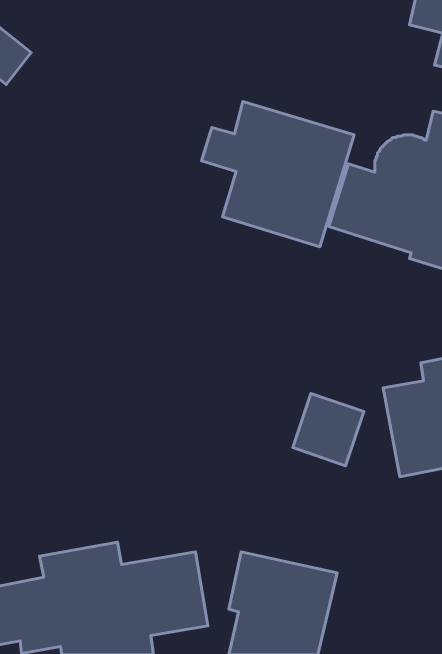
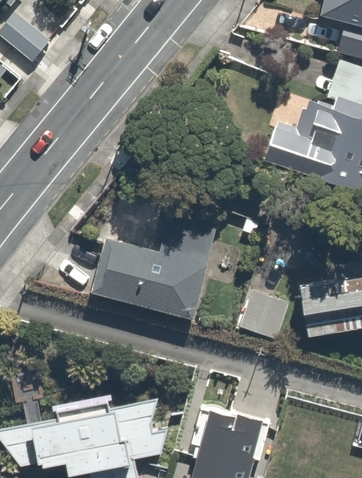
building: [202,101,354,247] -> none
building: none -> [94,212,216,315]

